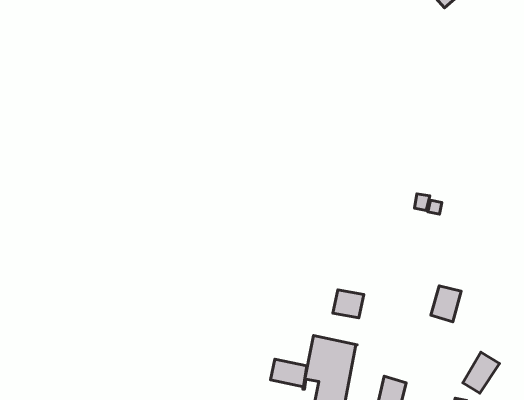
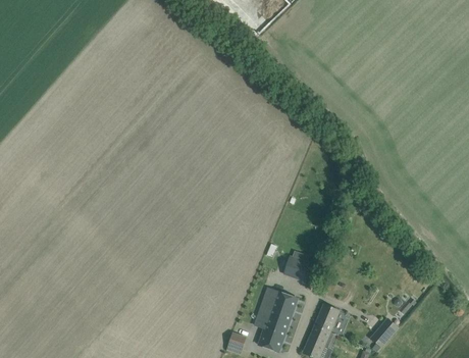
building: [431,286,461,322] -> [315,304,340,331]
building: [270,359,307,387] -> none

